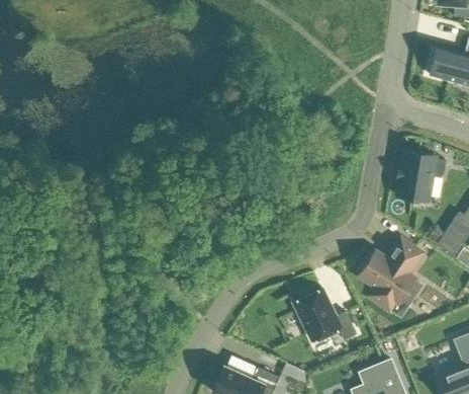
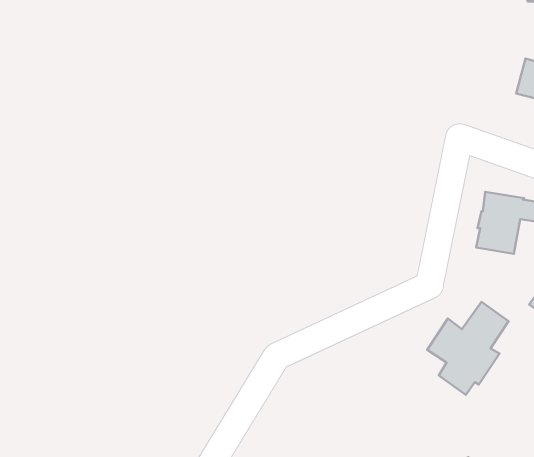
building: [294,290,357,340] -> none

